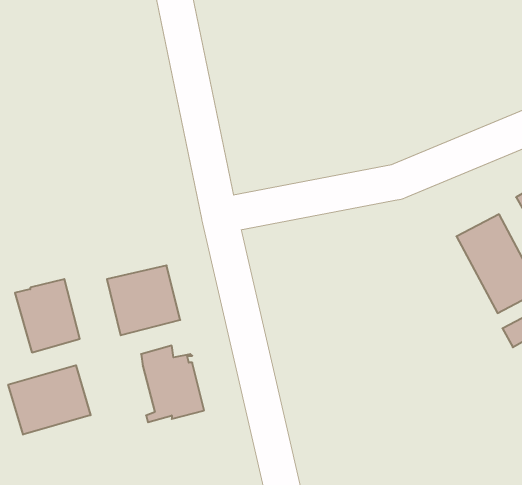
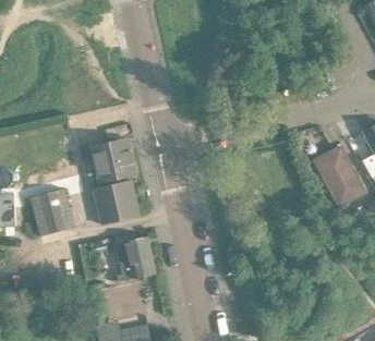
building: none -> [77,139,133,182]
building: [8,365,91,435] -> none

